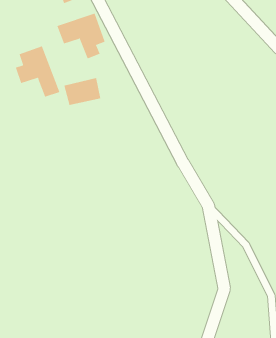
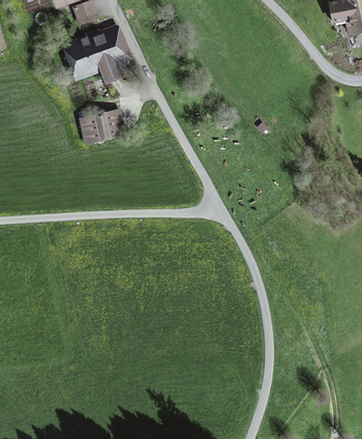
building: [15,45,60,98] -> none

